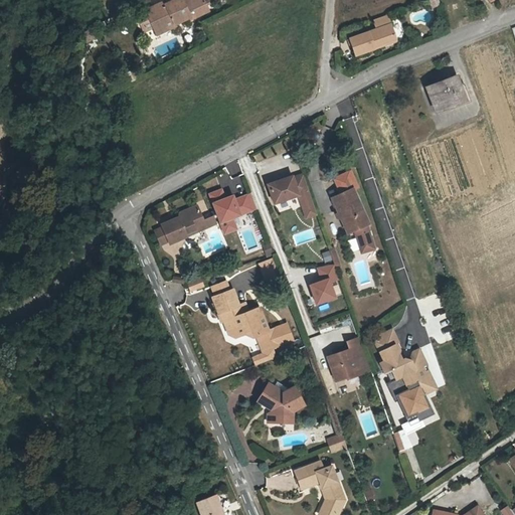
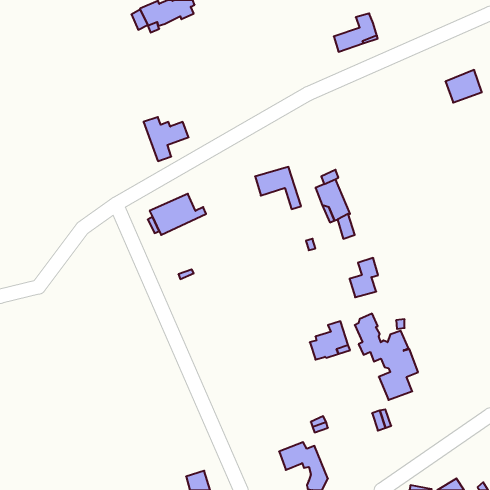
building: [426,74,465,109] -> [445,70,482,103]
building: [208,188,255,234] -> [143,117,189,161]
building: [309,263,339,304] -> [349,258,378,297]
building: [208,281,295,368] -> none
building: [254,385,302,425] -> none

